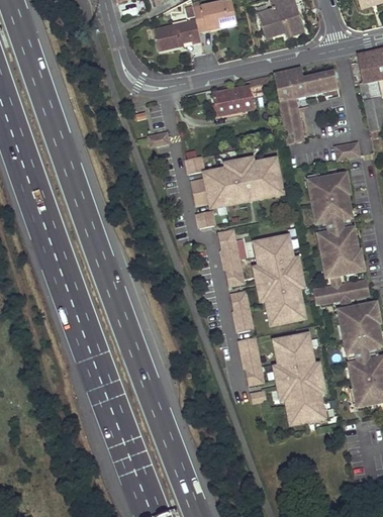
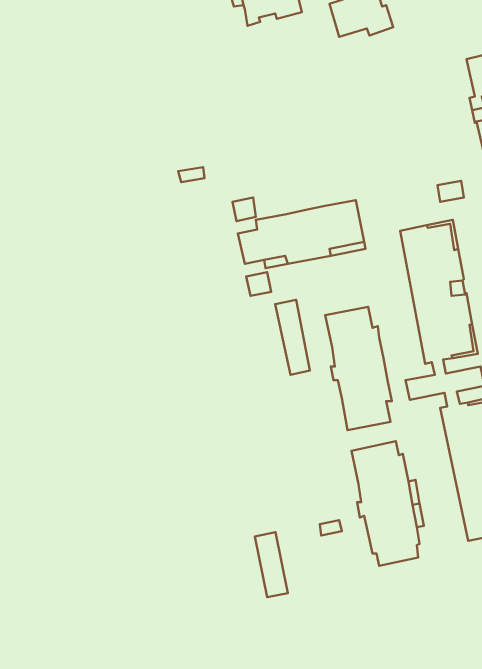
building: [153,18,200,50] -> none
building: [274,60,338,143] -> none
building: [209,86,254,115] -> none
building: [229,292,252,331] -> none
building: [238,336,263,384] -> [255,532,288,597]

